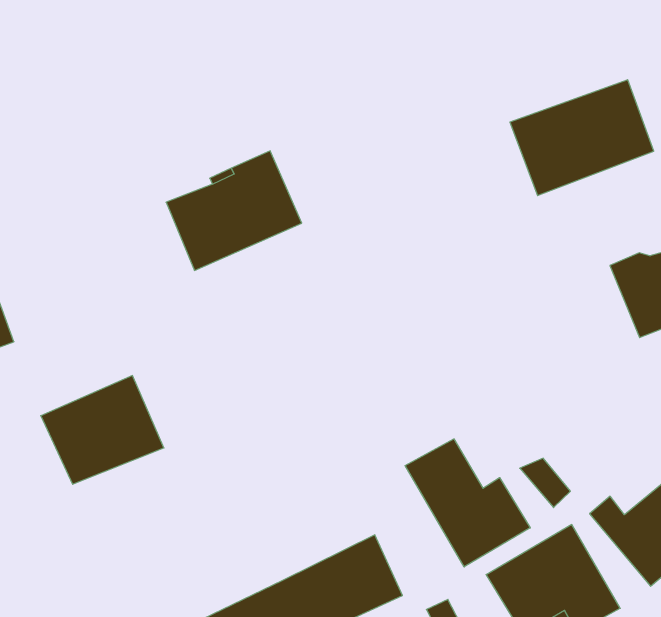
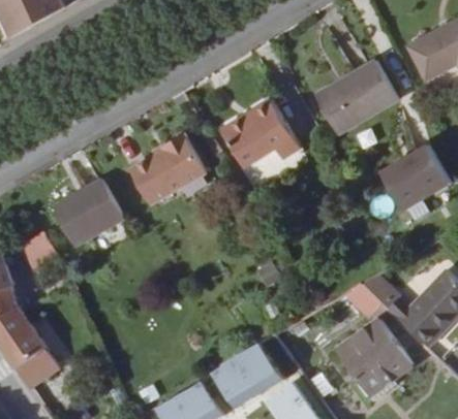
building: none -> [226,99,304,164]
building: [41,376,164,484] -> [54,176,125,241]
building: [405,439,530,567] -> none

